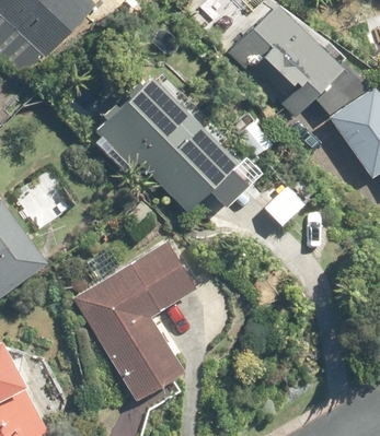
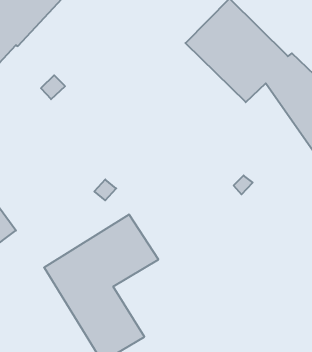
building: [95,80,235,212] -> none

